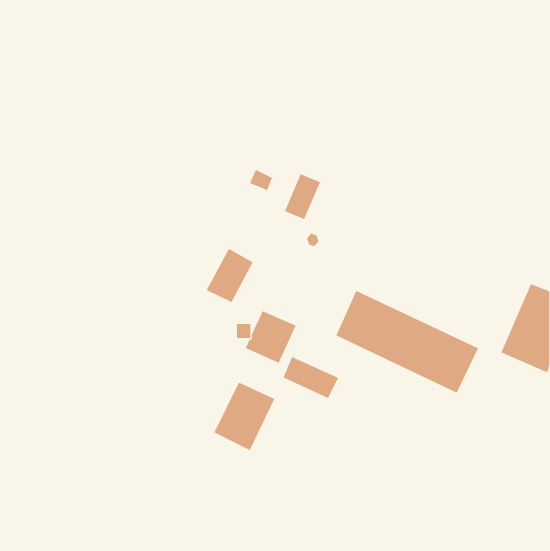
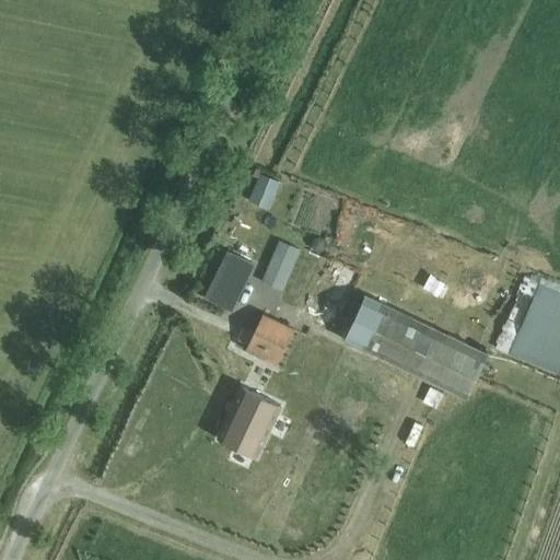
building: [284,173,321,220] -> [260,242,298,289]
building: [283,356,339,399] -> none

